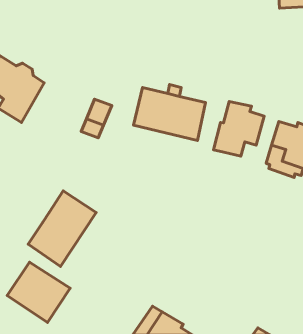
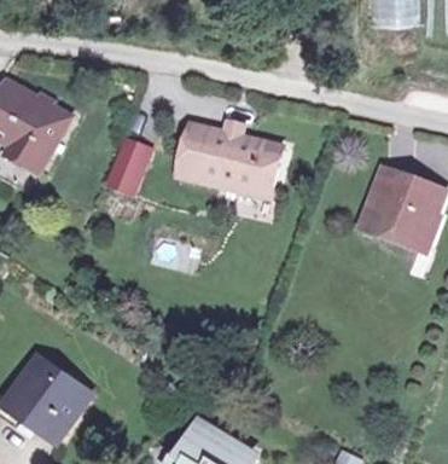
building: [214,101,264,156] -> none
building: [28,191,96,267] -> none

